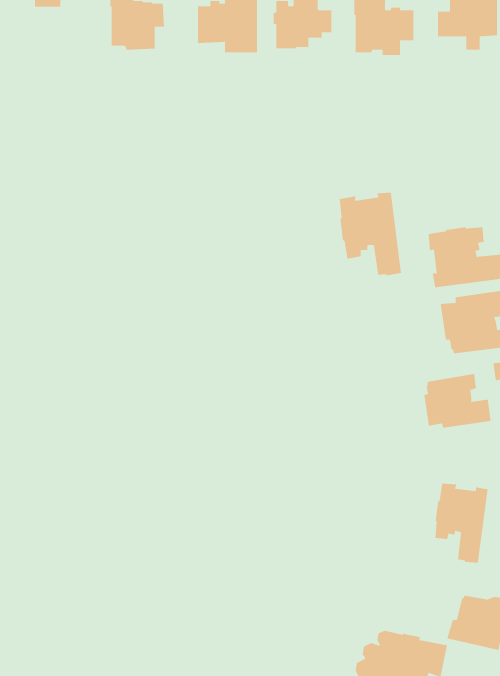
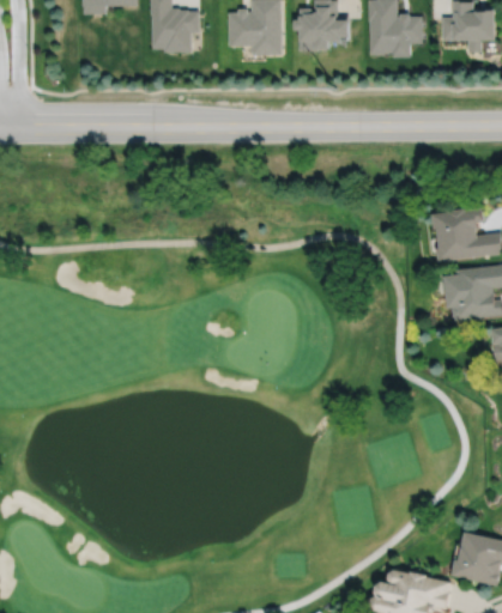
building: [339,192,402,276] -> none
building: [424,373,491,429] -> none
building: [435,483,488,564] -> none

